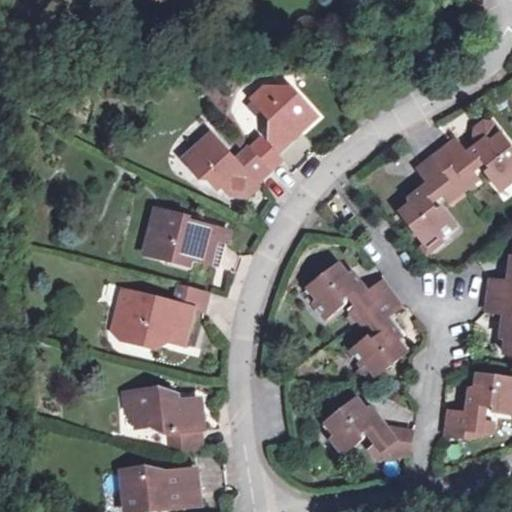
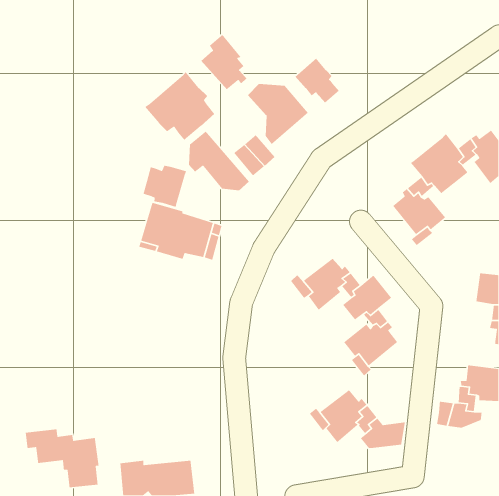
building: none -> [201,34,248,90]
building: none -> [295,58,340,103]
building: none -> [144,71,215,141]
building: none -> [143,165,187,208]
building: [116,283,206,347] -> none
building: [126,390,202,451] -> [25,428,99,488]

